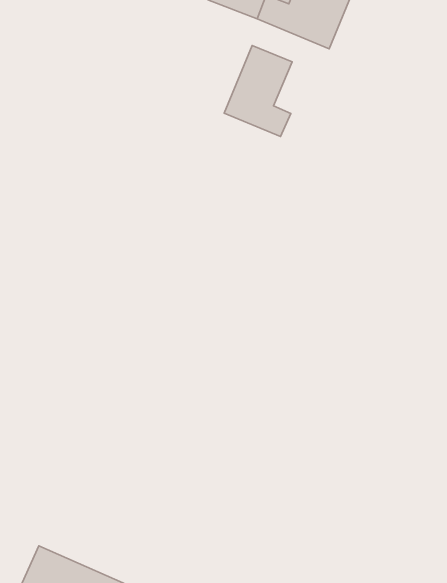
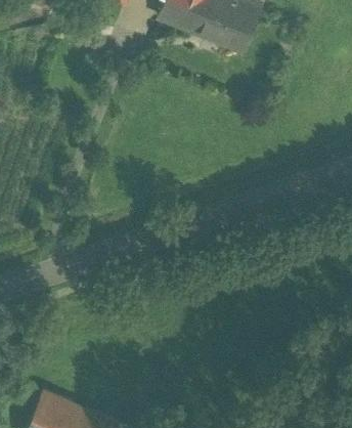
building: [224,45,292,136] -> none

